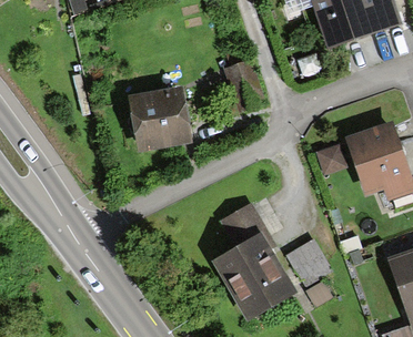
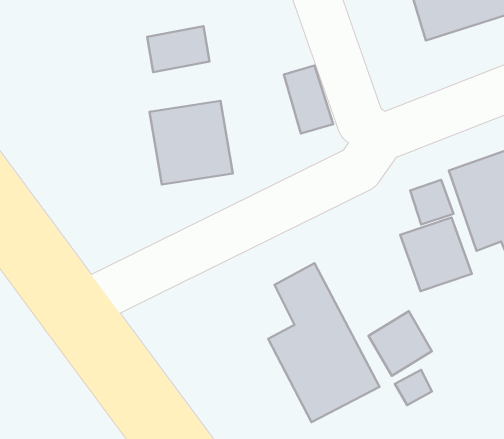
building: none -> [147,26,210,72]
building: none -> [400,218,472,291]

